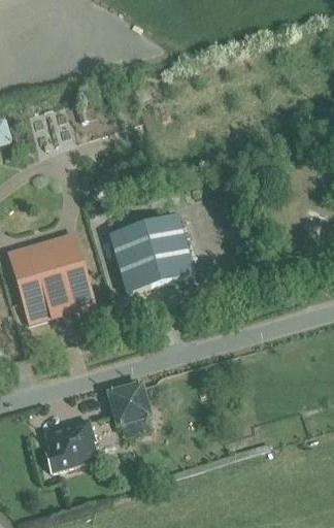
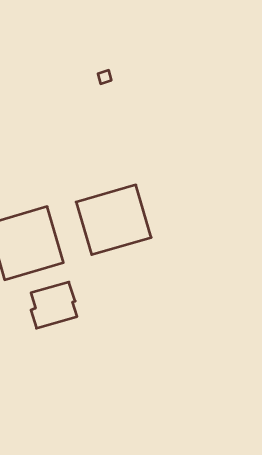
building: [109,382,151,423] -> none
building: [45,418,98,470] -> [31,282,77,328]

